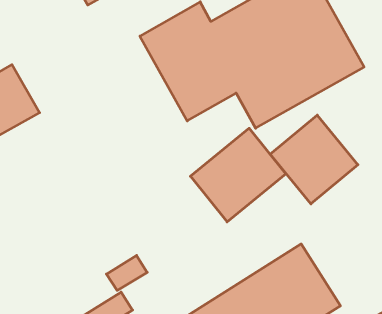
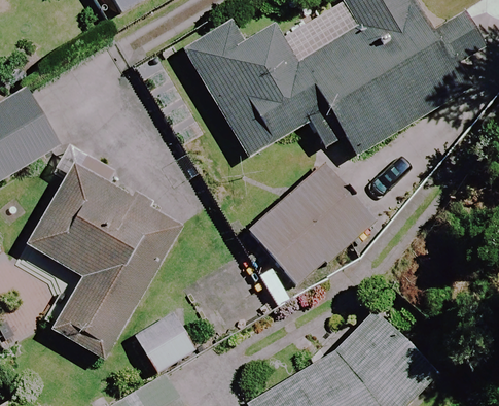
building: [270,115,358,204] -> none
building: none -> [37,169,181,361]

